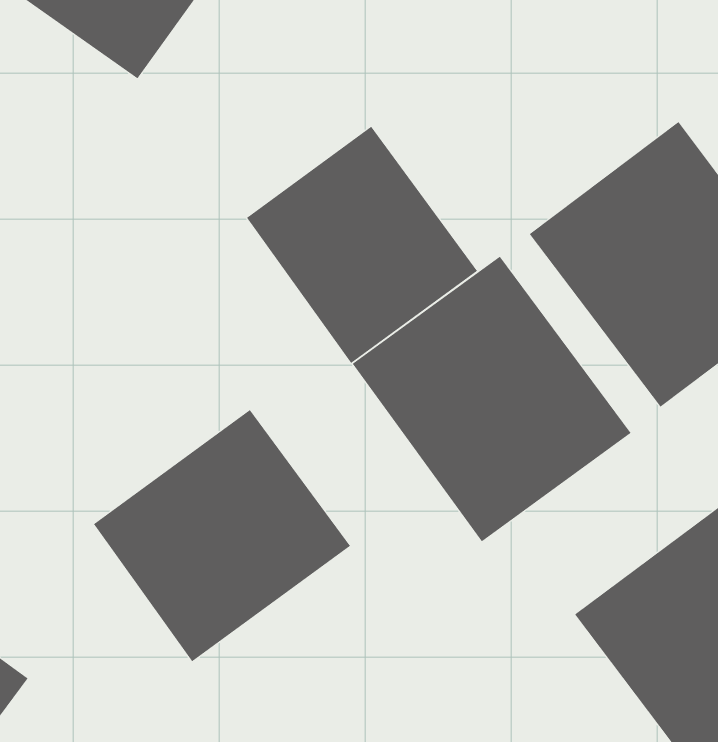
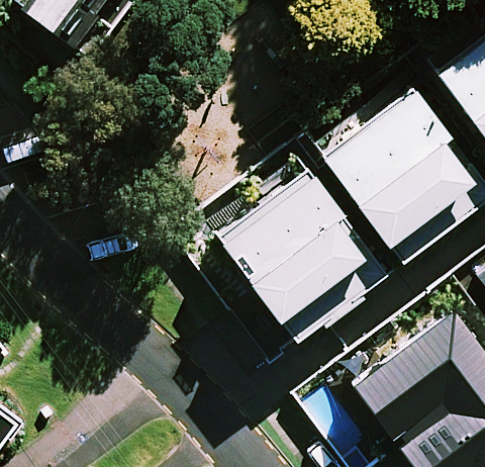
building: [246,126,478,364] -> none
building: [93,409,351,662] -> none

